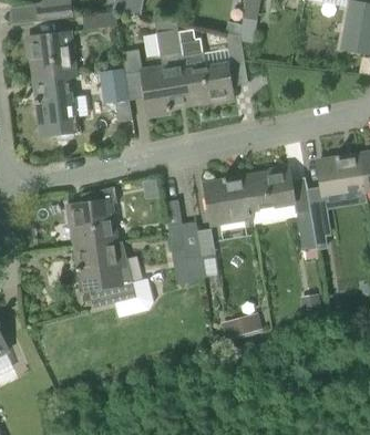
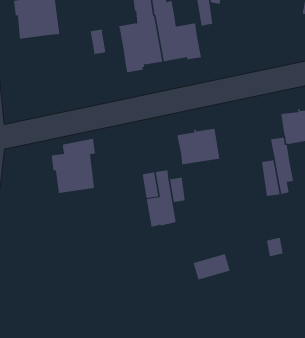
building: [33,75,74,142] -> none
building: [246,167,292,209] -> none
building: [75,241,136,308] -> none

